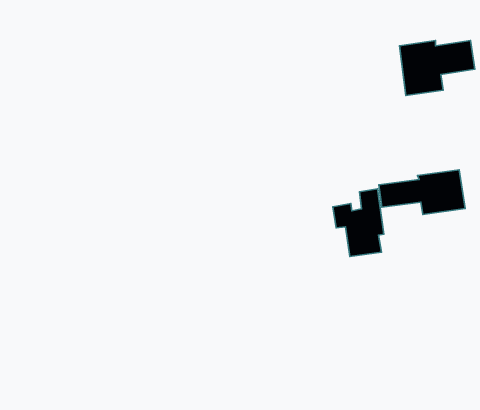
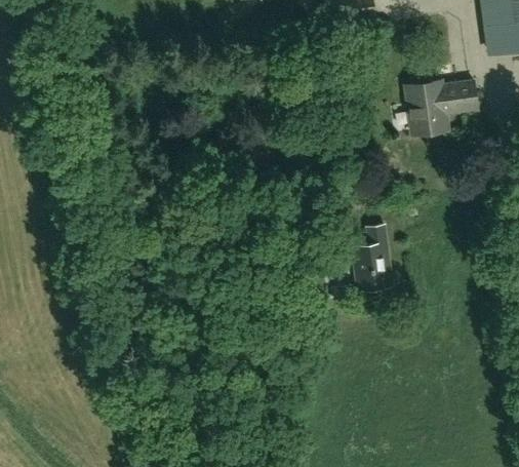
building: [379,170,465,215] -> none

